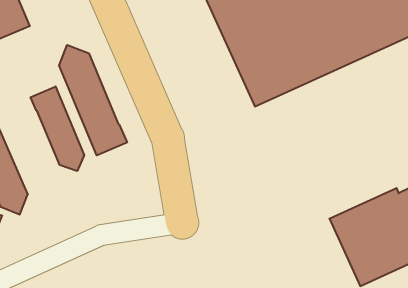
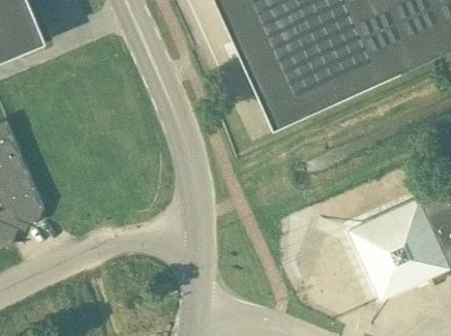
building: [59,45,127,155] -> none
building: [31,86,84,171] -> none

